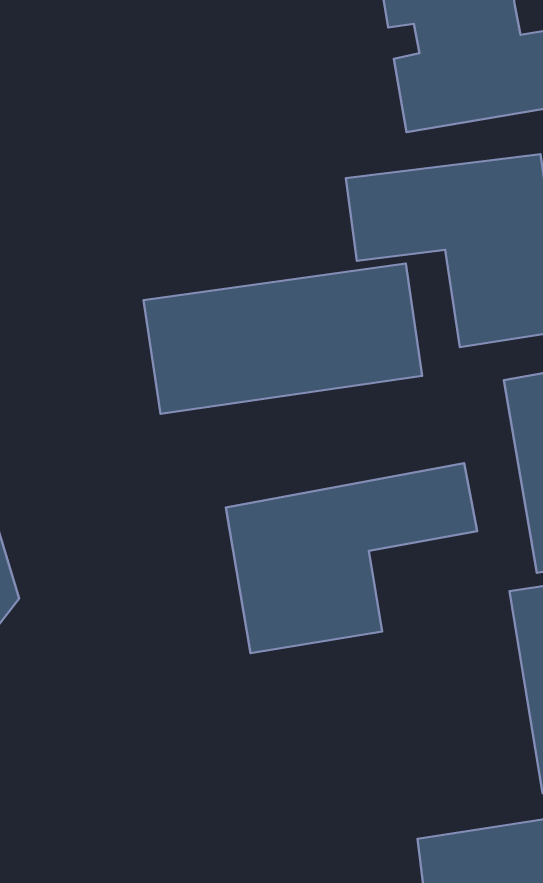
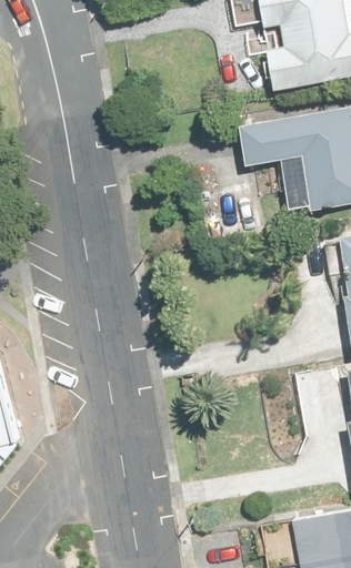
building: [144,264,422,414] -> none
building: [226,463,477,653] -> none

